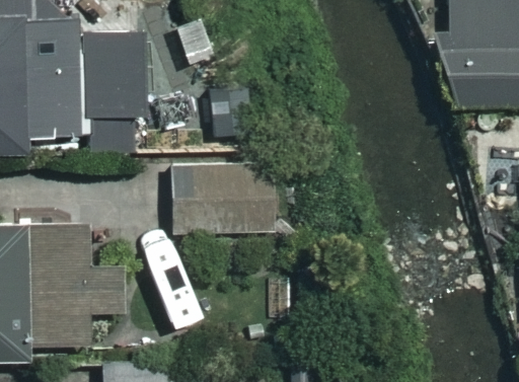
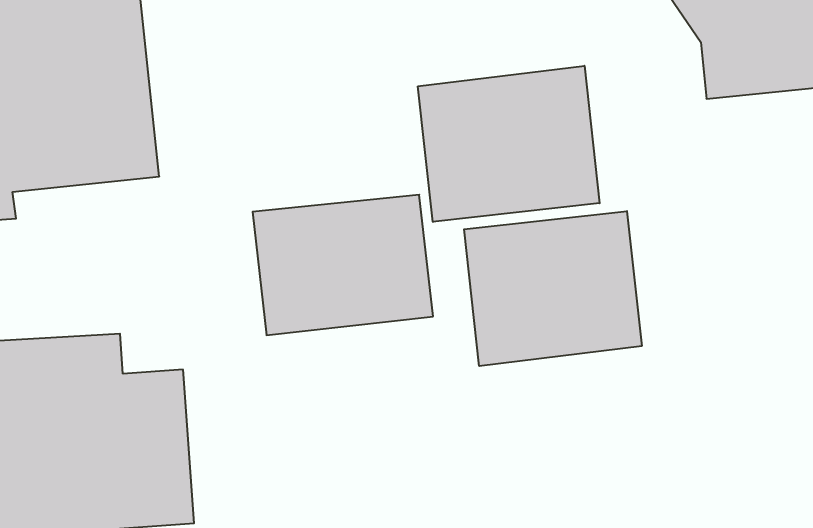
building: none -> [418,66,600,222]
building: none -> [464,211,642,366]

